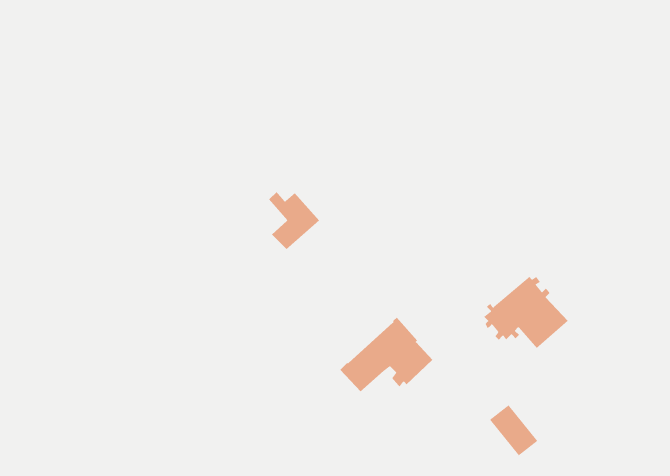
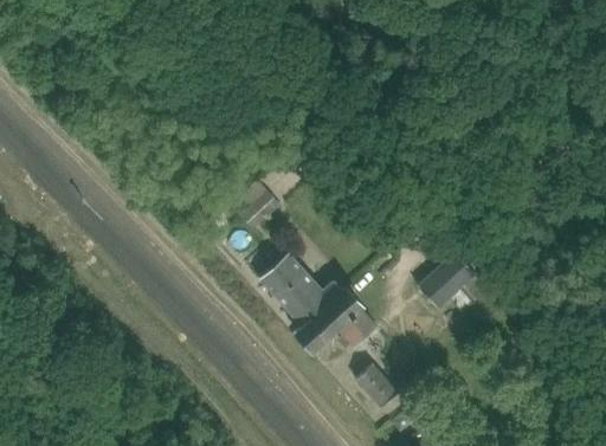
building: none -> [262,256,341,327]
building: [489,405,538,456] -> [356,362,398,406]

